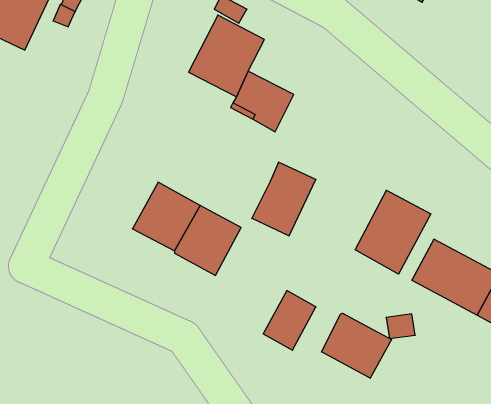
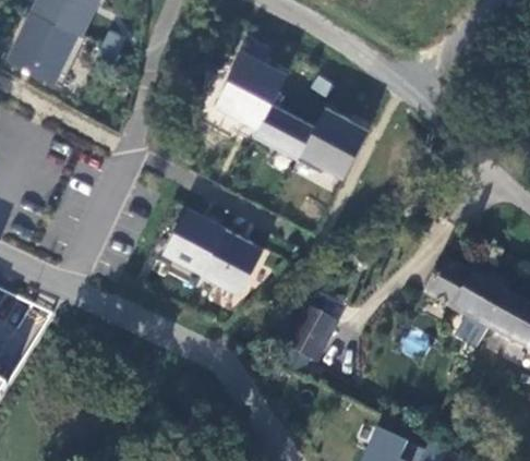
building: [252,162,316,236] -> [296,109,356,178]
building: [355,190,431,274] -> none
building: [321,313,392,378] -> none

